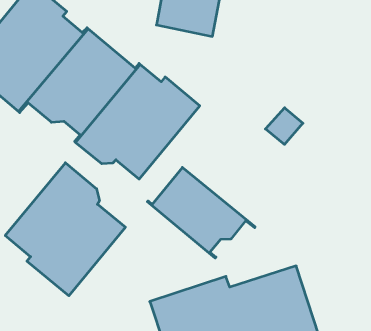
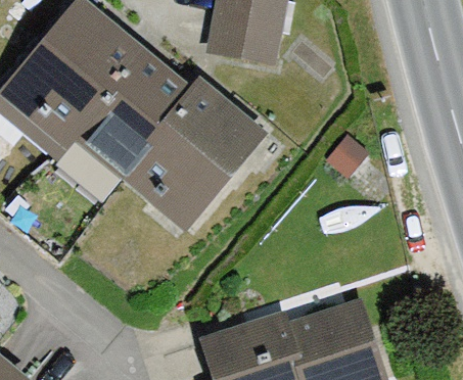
building: [5,163,125,296] -> none
building: [147,167,255,258] -> none

